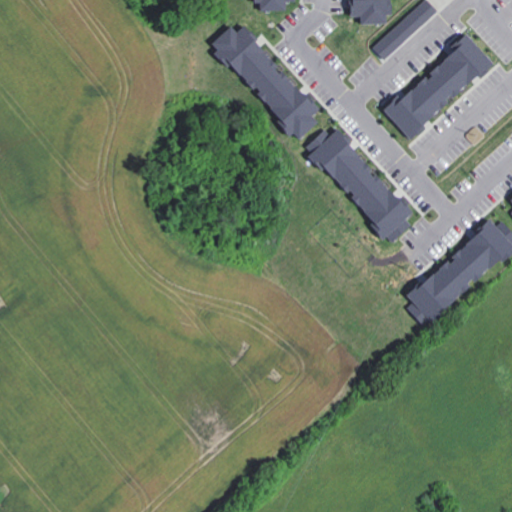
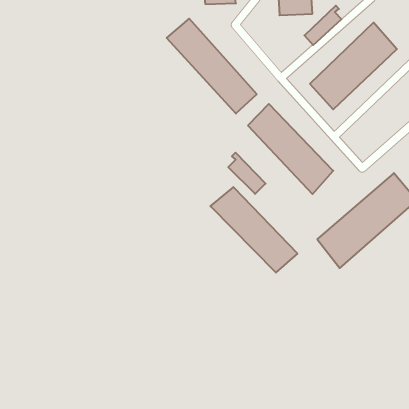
building: none -> [228,153,266,194]
building: none -> [210,187,297,273]

